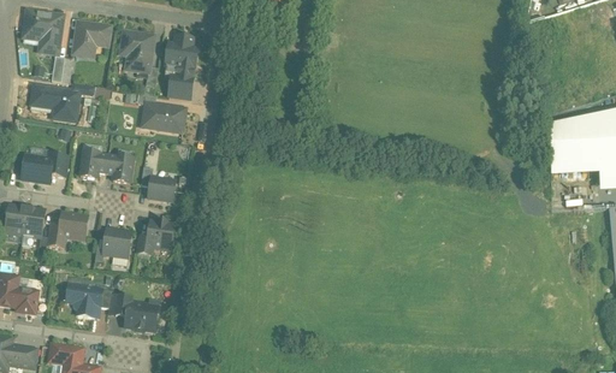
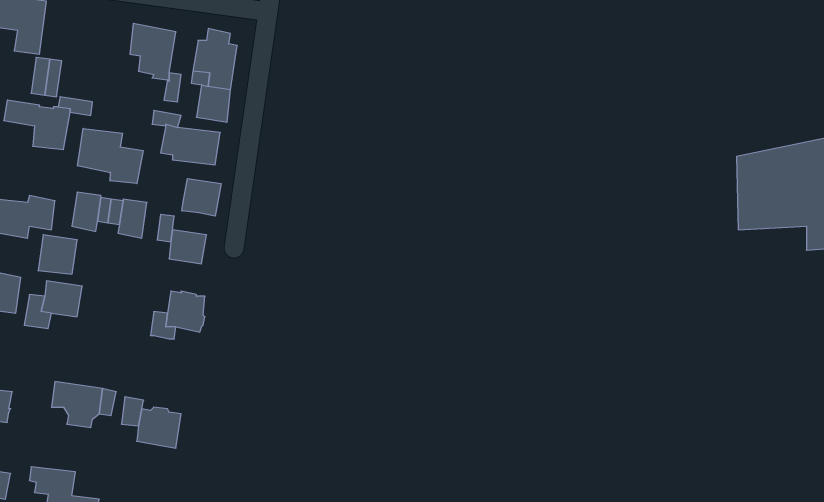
building: [72,22,109,57] -> none
building: none -> [78,128,143,184]
building: none -> [182,179,221,216]
building: [102,229,130,256] -> [38,235,77,274]

